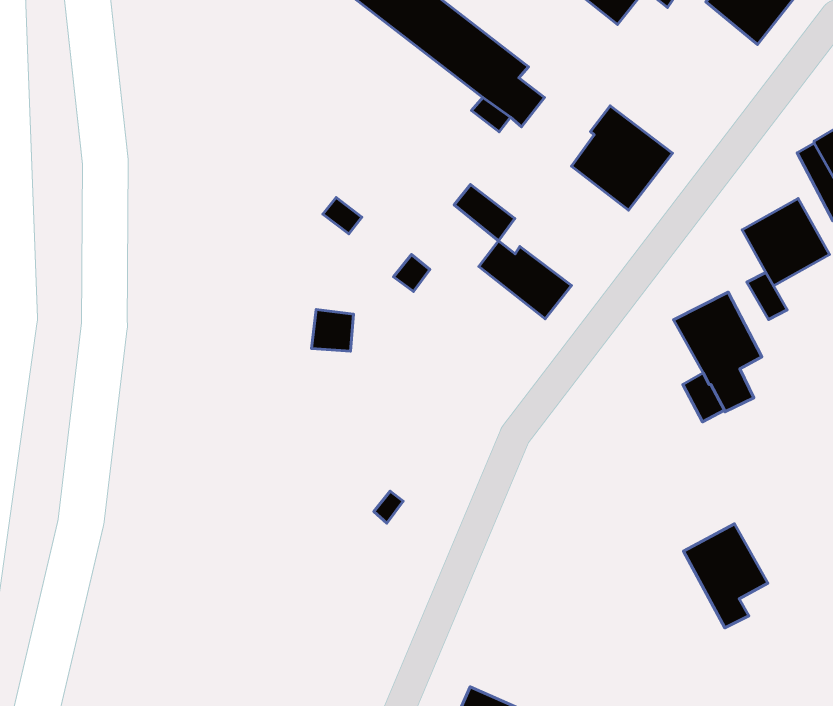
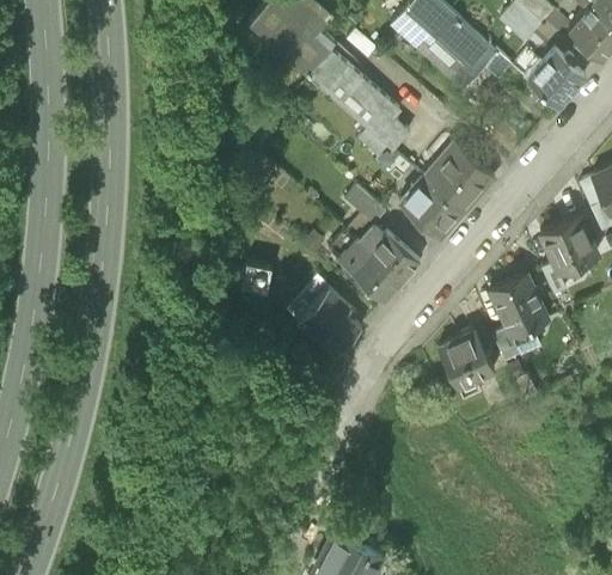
building: none -> [399,177,463,239]
building: none -> [337,241,402,304]
building: none -> [287,282,361,359]
building: [683,524,768,628] -> [439,330,495,400]

